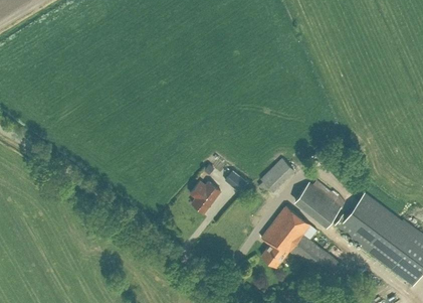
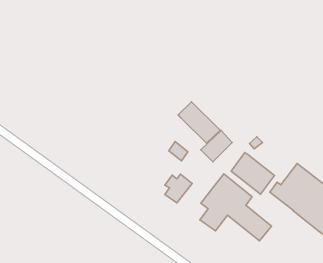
building: none -> [178,102,220,143]
building: [191,180,221,211] -> [165,174,192,203]

